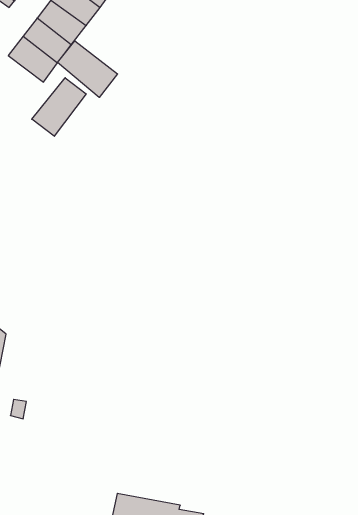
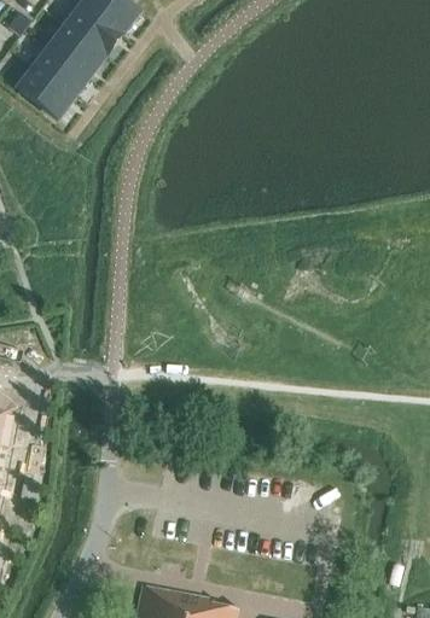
building: [58,41,118,97] -> none
building: [32,78,86,136] -> none

